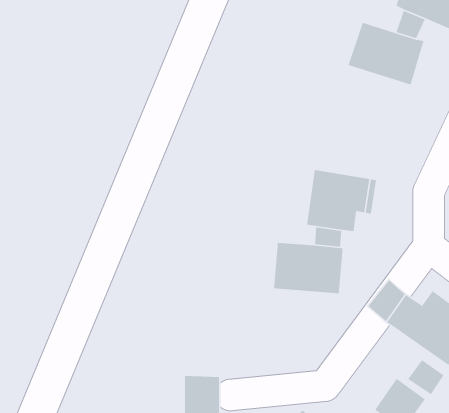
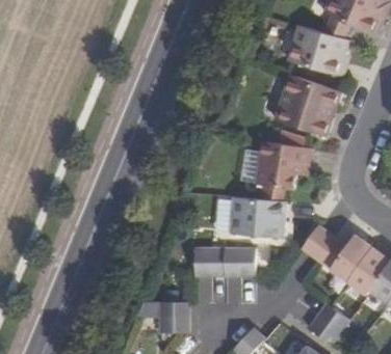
building: none -> [273,73,339,135]
building: none -> [193,247,255,275]

